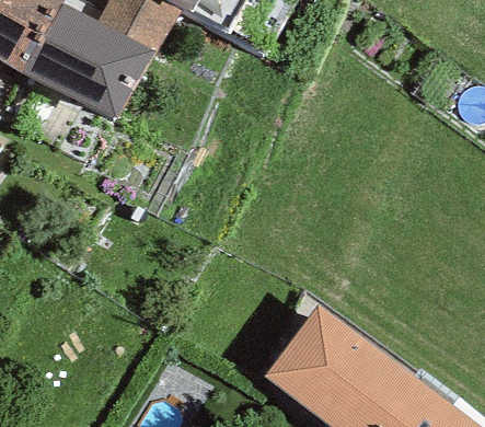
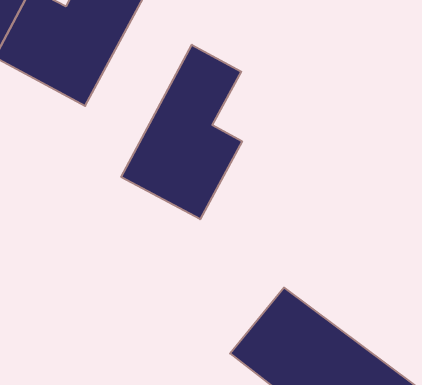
building: none -> [121,45,242,219]

